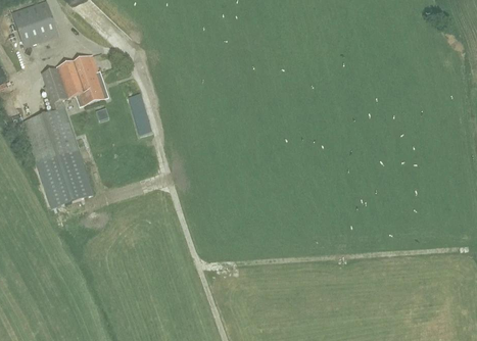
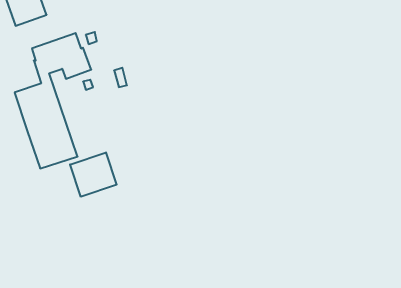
building: none -> [70,152,117,197]

